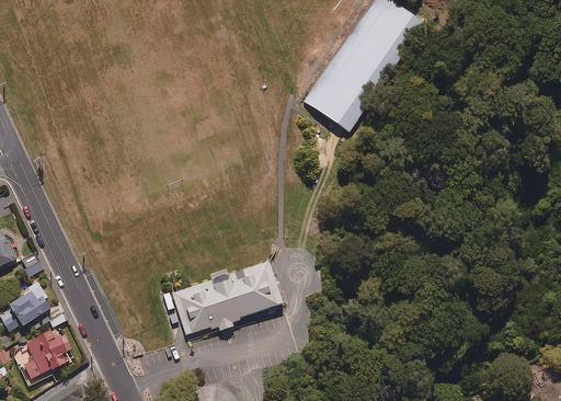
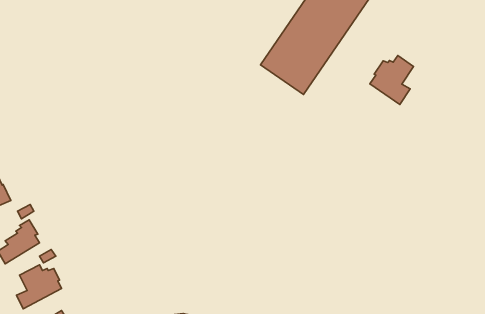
building: none -> [370,56,414,104]
building: [172,263,285,339] -> none

